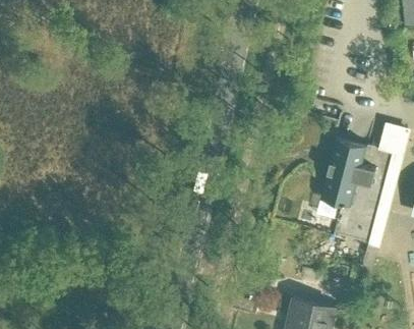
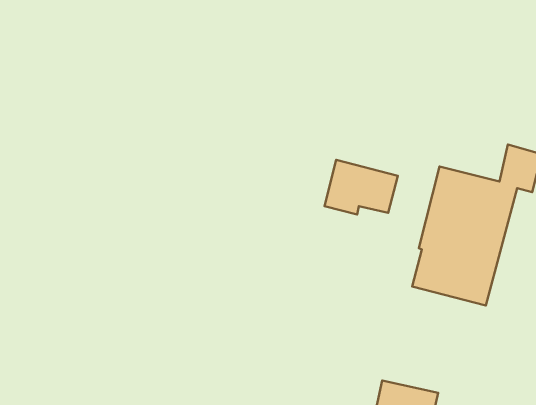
building: none -> [324,160,398,214]

